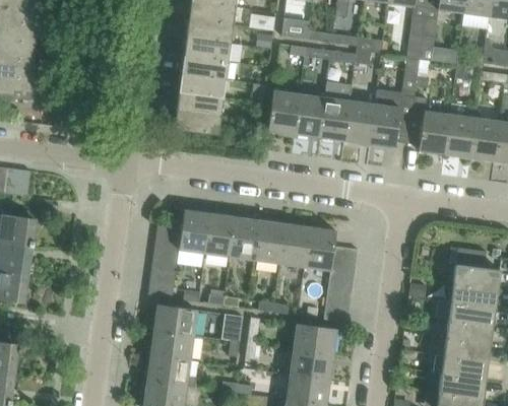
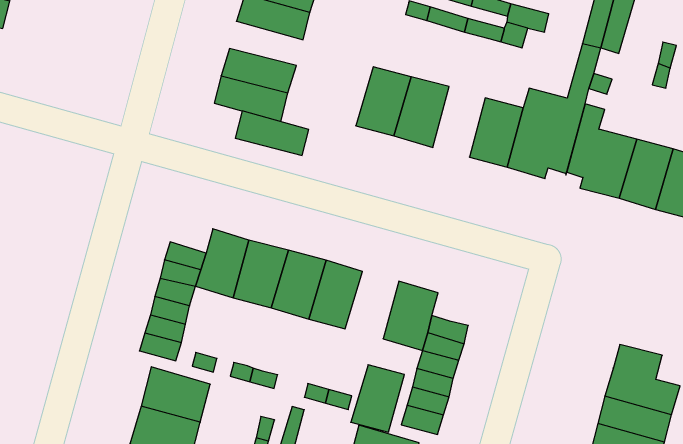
building: [179,73,226,96] -> [235,111,309,155]
building: [319,83,351,140] -> none
building: [278,223,309,265] -> [351,365,404,432]

